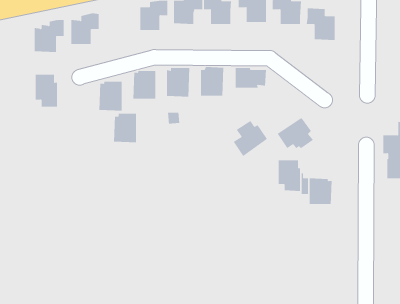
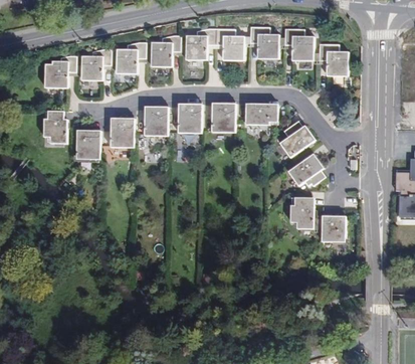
building: none -> [115,41,145,74]
building: [113,113,137,143] -> [74,130,98,160]
building: [233,120,268,157] -> [280,121,316,158]

